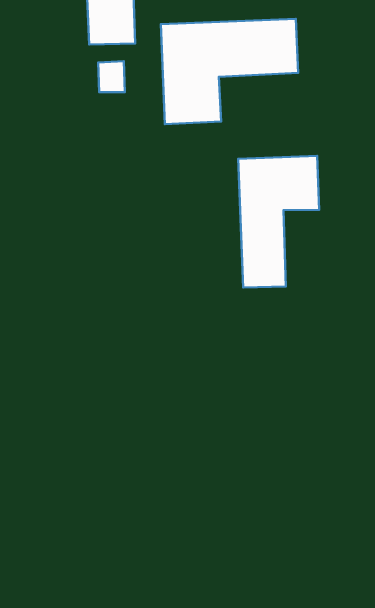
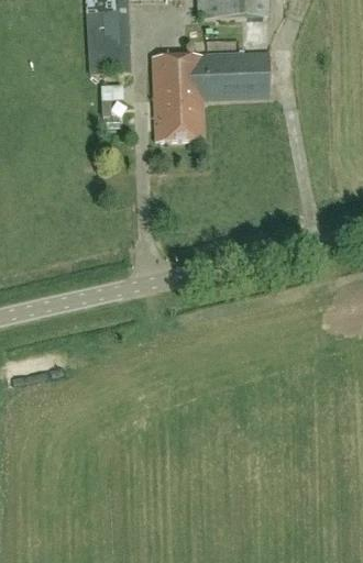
building: [238,156,319,288] -> none

